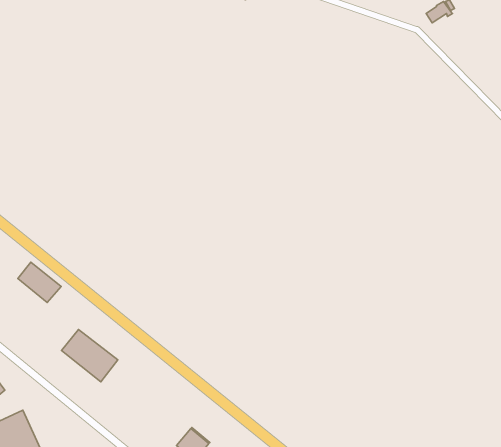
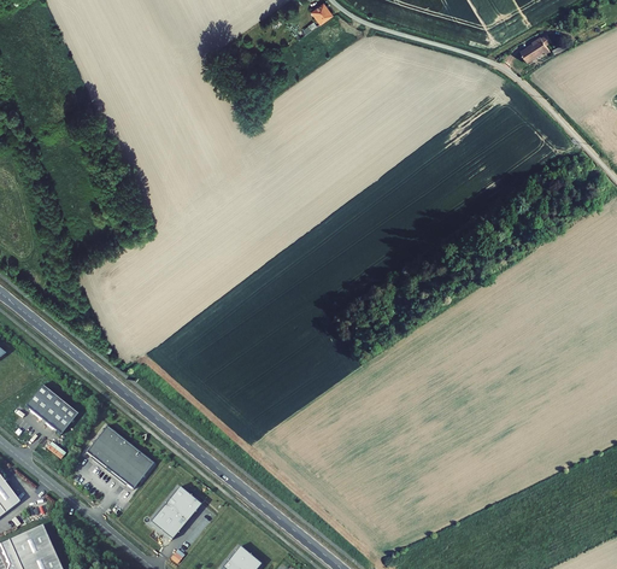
building: [18,262,61,303] -> [25,383,77,432]
building: none -> [152,485,202,538]

